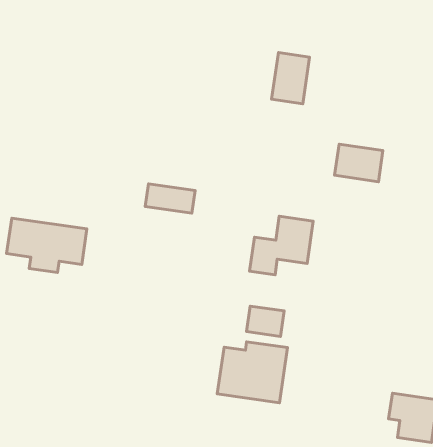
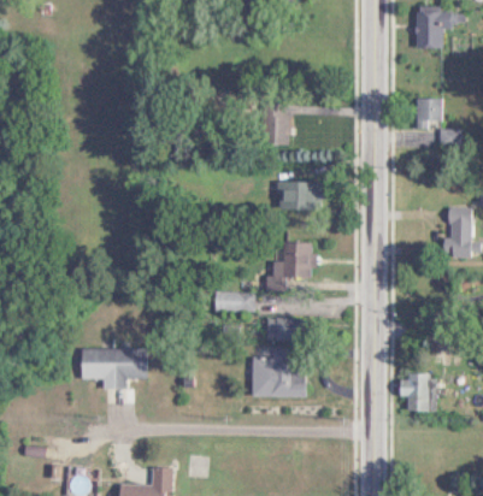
building: [334,144,383,182] -> [279,182,317,208]
building: [145,184,195,213] -> [216,293,255,312]
building: [7,218,87,272] -> [83,349,147,389]

